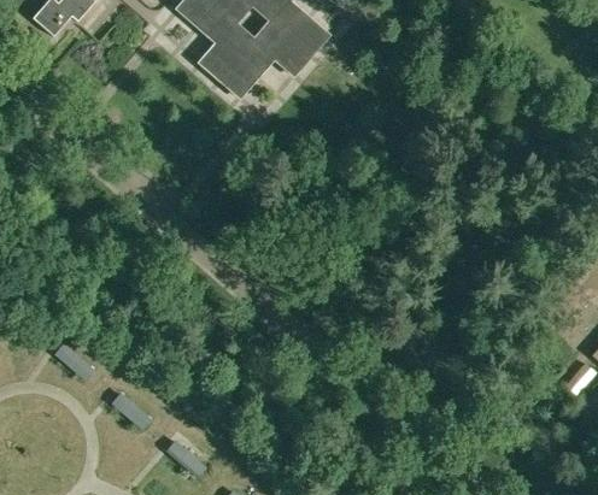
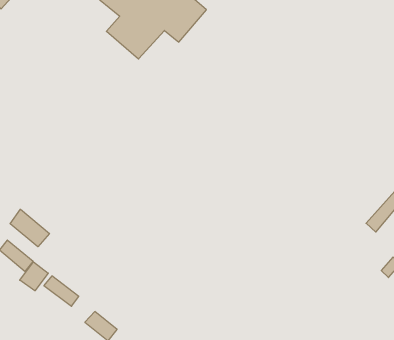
building: none -> [10,209,49,247]
building: none -> [20,262,48,291]

